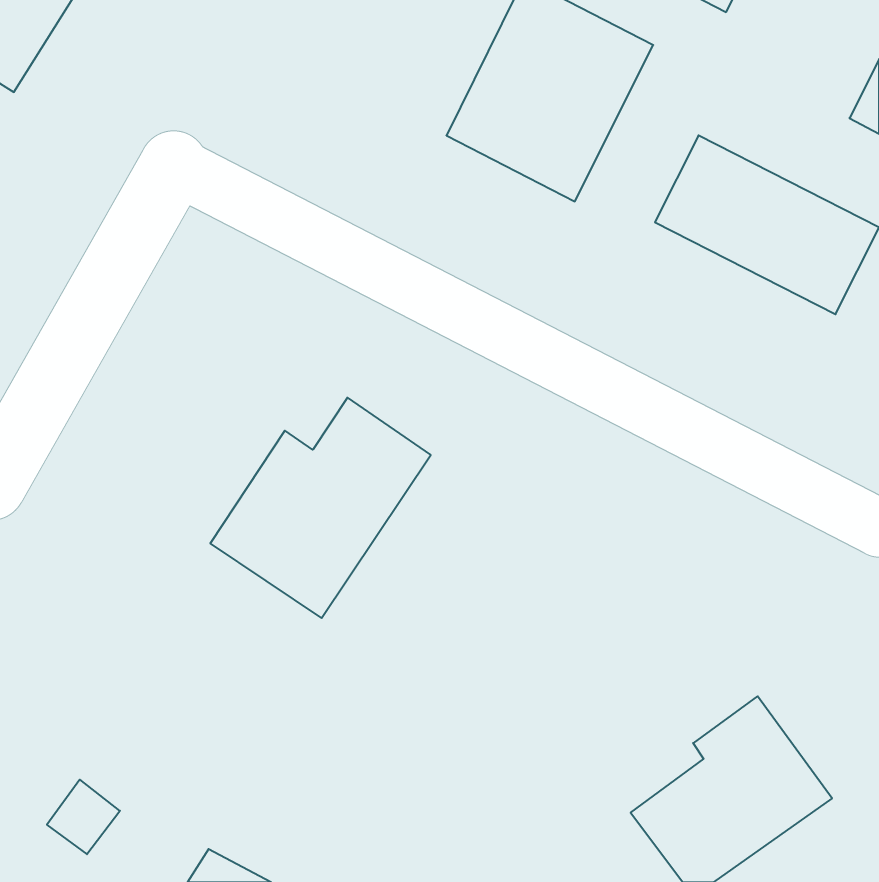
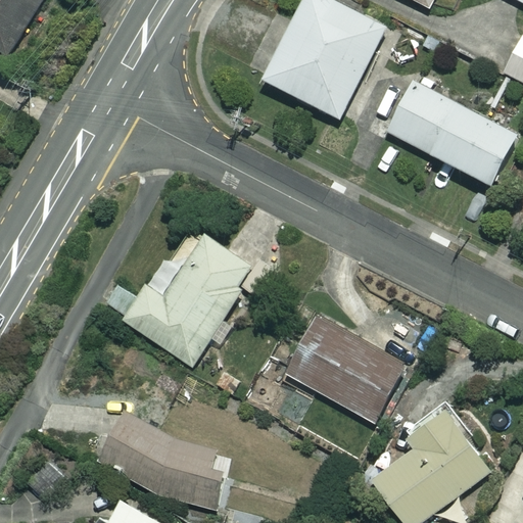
building: none -> [284,318,405,422]
building: none -> [98,413,230,510]

